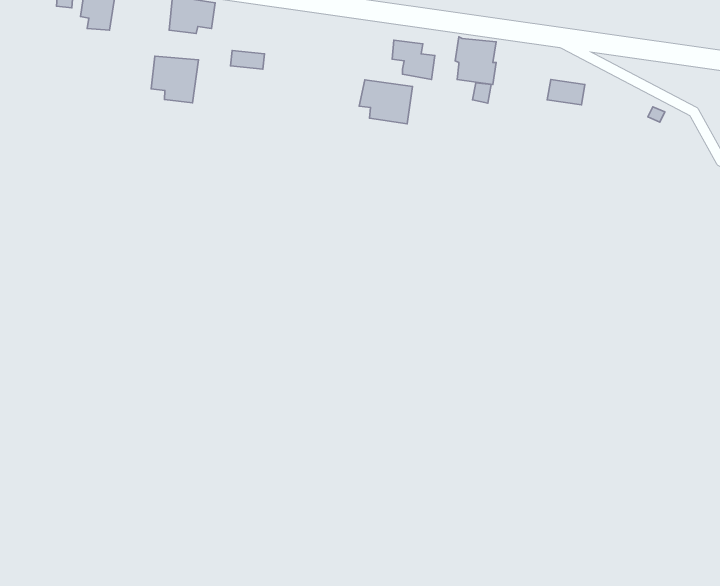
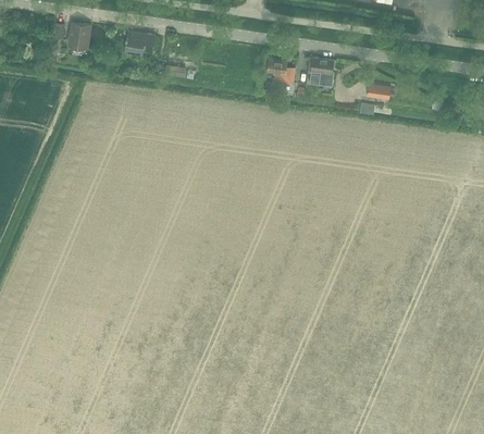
building: [151,56,199,103] -> none
building: [359,80,412,124] -> none

